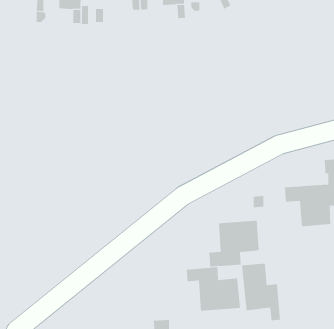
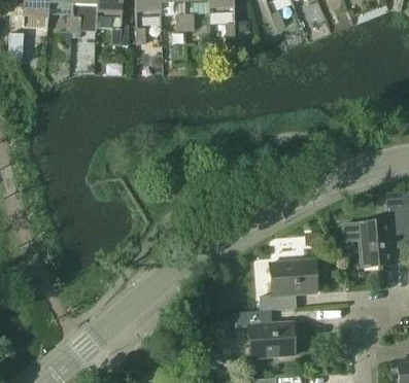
building: [242,263,281,321] -> none

